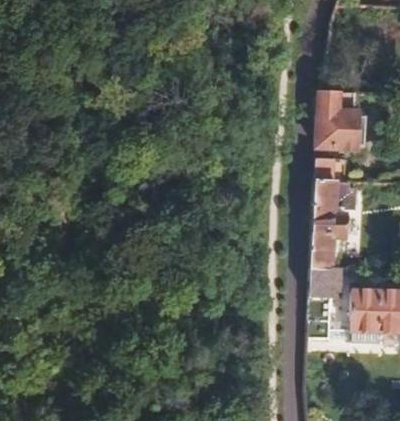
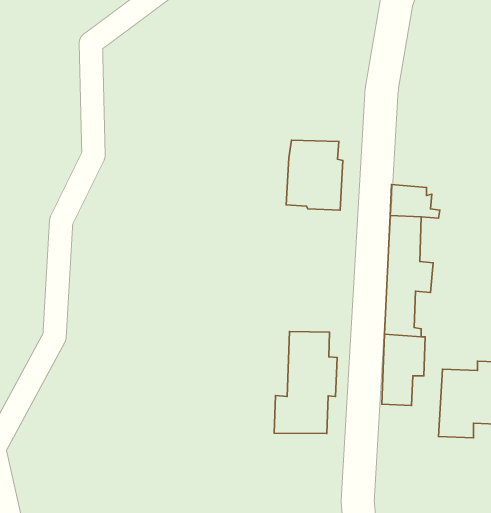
building: [317,91,359,143] -> [286,140,343,210]
building: none -> [274,331,337,434]

